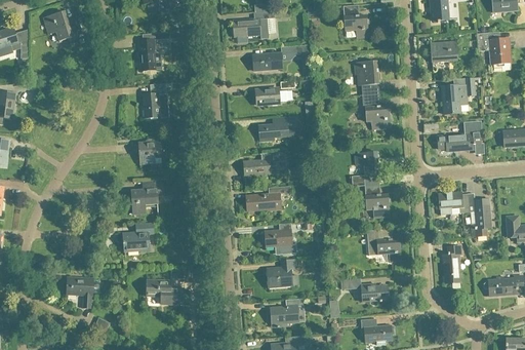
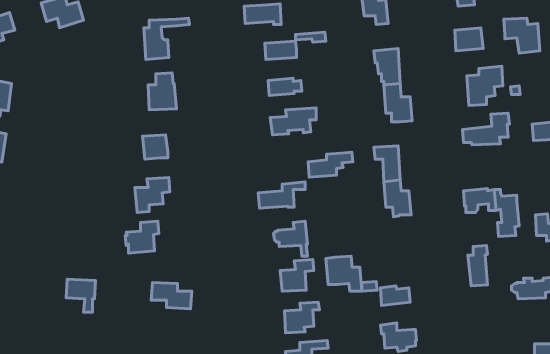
building: [244,152,286,176] -> [308,152,353,177]
building: [367,228,401,261] -> [326,256,362,291]

